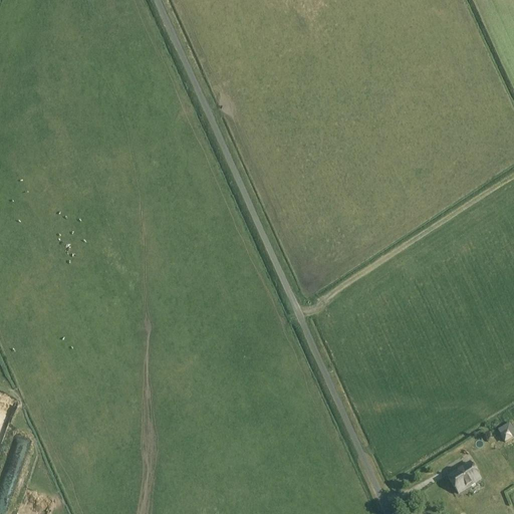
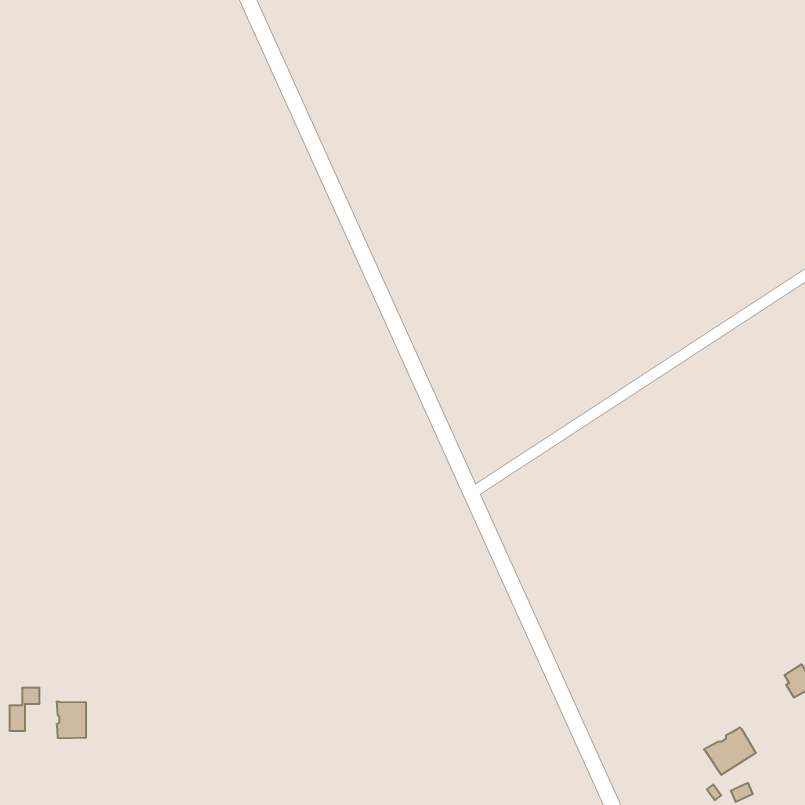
building: none -> [57,701,86,738]

